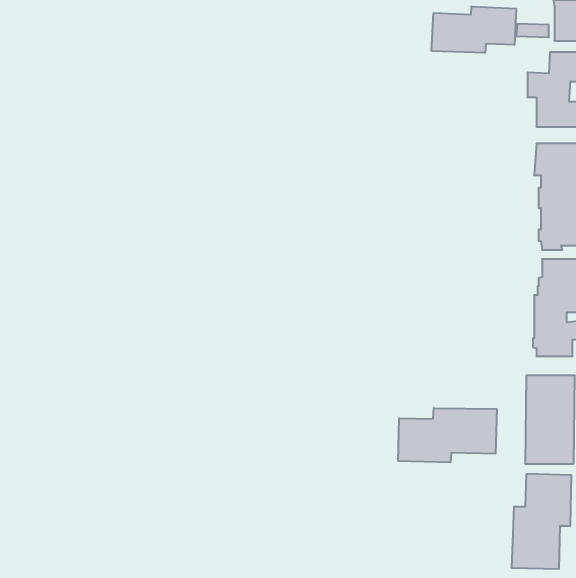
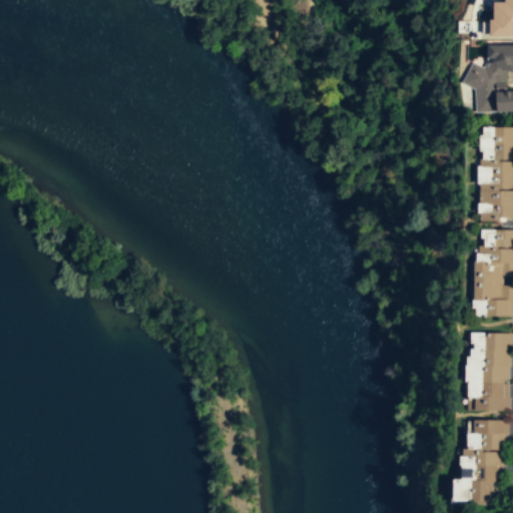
building: [432,6,516,53] -> none
building: [398,408,497,462] -> none

